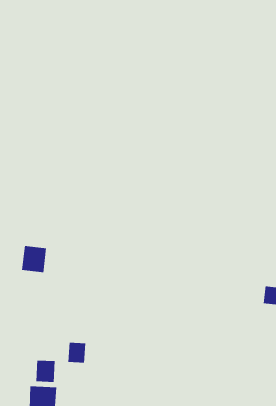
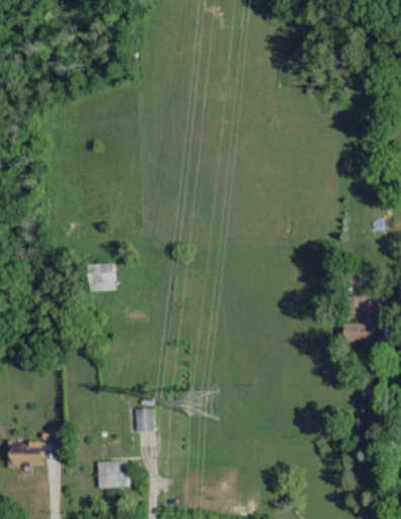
building: [21,245,47,273] -> [88,263,113,290]
building: [36,360,55,383] -> none

